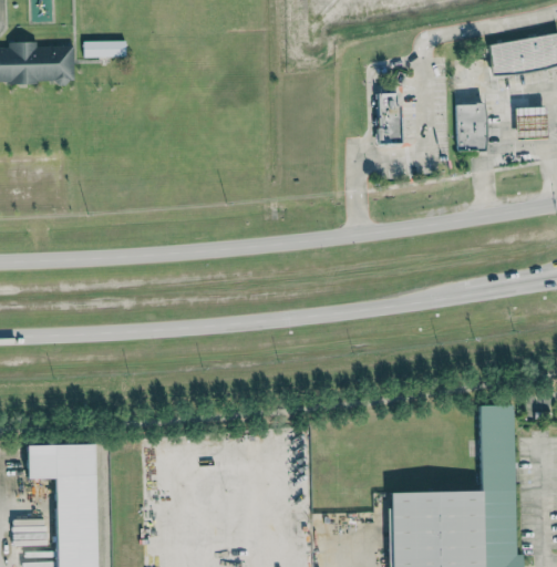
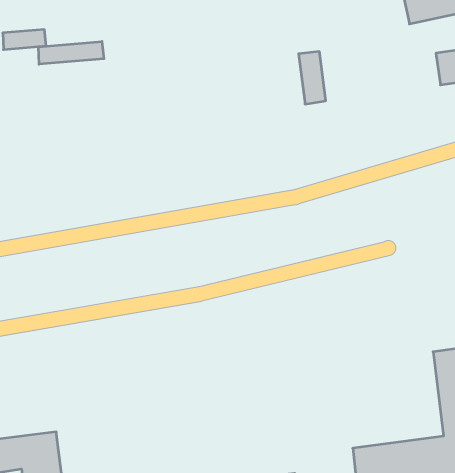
building: none -> [38,41,104,64]
building: [456,103,486,150] -> none

